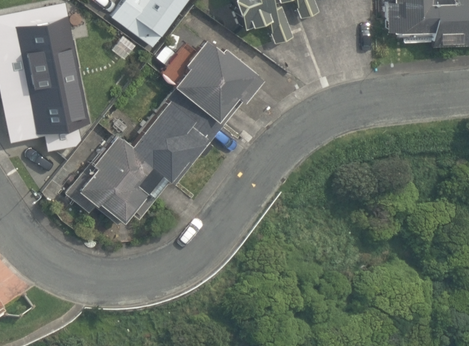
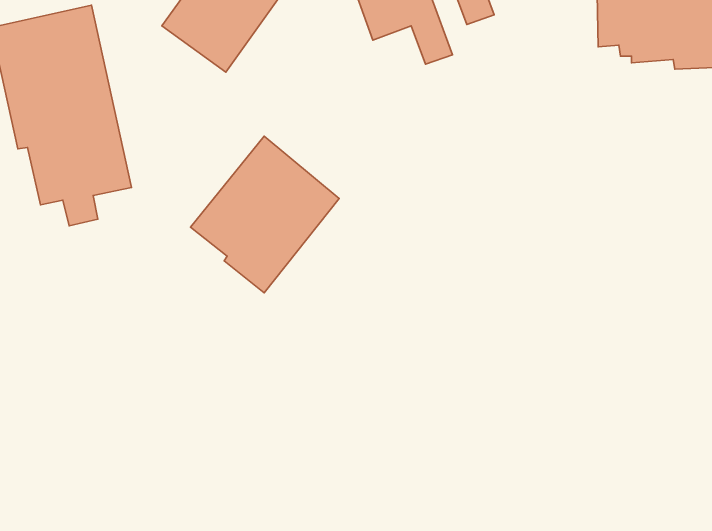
building: [159,37,260,125] -> none
building: [63,140,166,229] -> none

